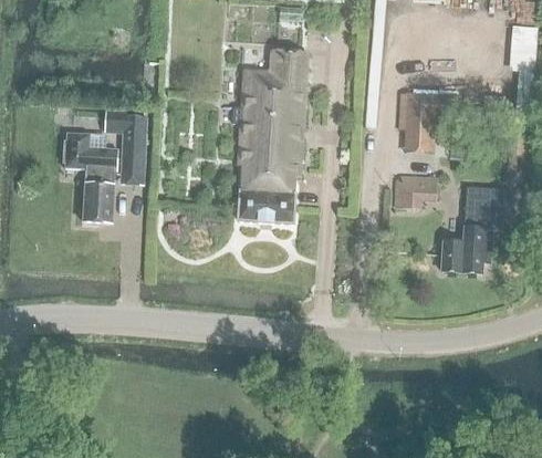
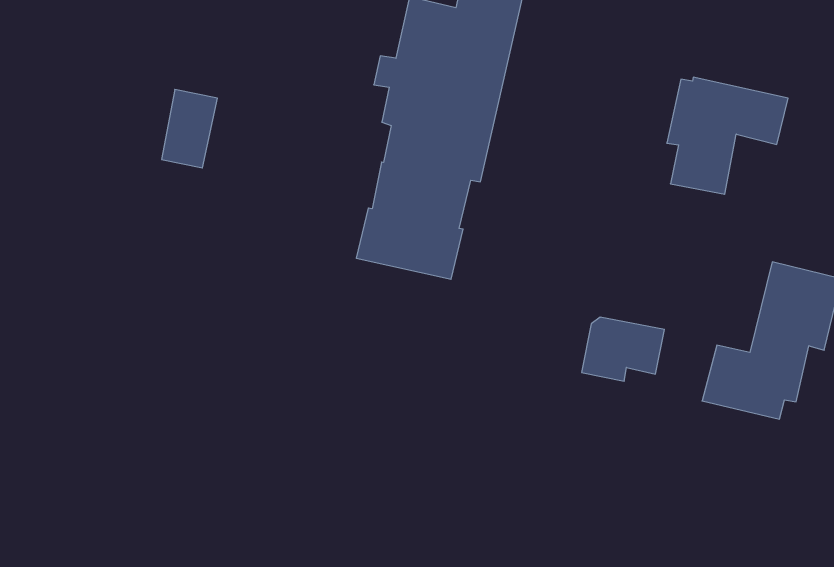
building: [105,111,147,144] -> none
building: [66,133,118,221] -> none
building: [395,175,437,208] -> [582,317,664,381]

